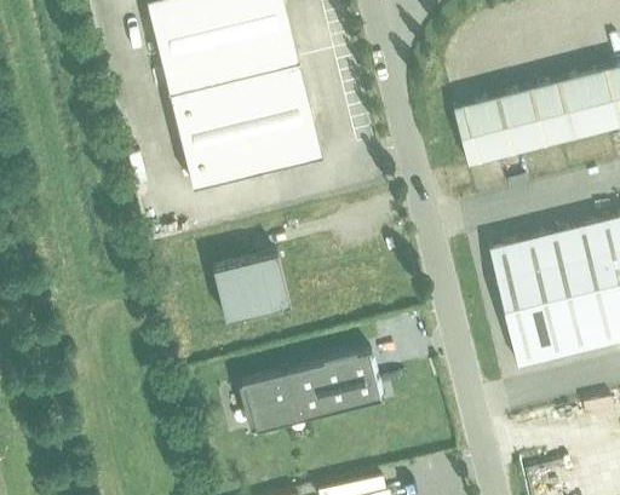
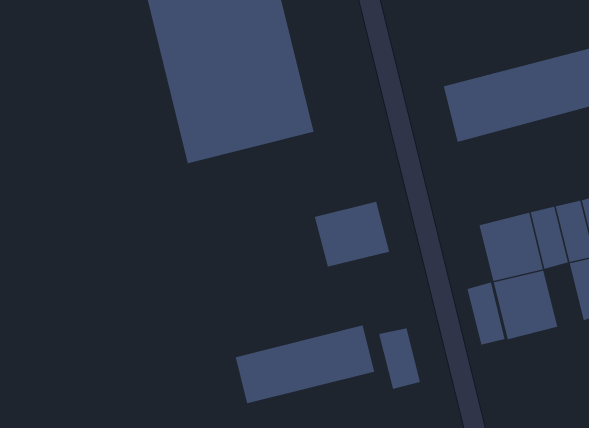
building: [213,254,291,322] -> [314,201,390,267]
building: [556,289,596,355] -> [466,281,506,346]
building: none -> [378,327,421,390]

